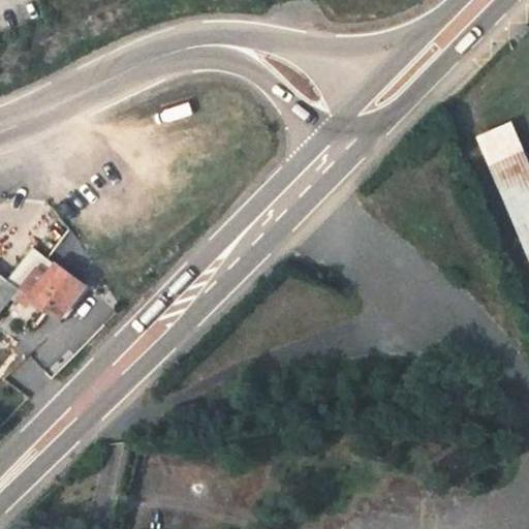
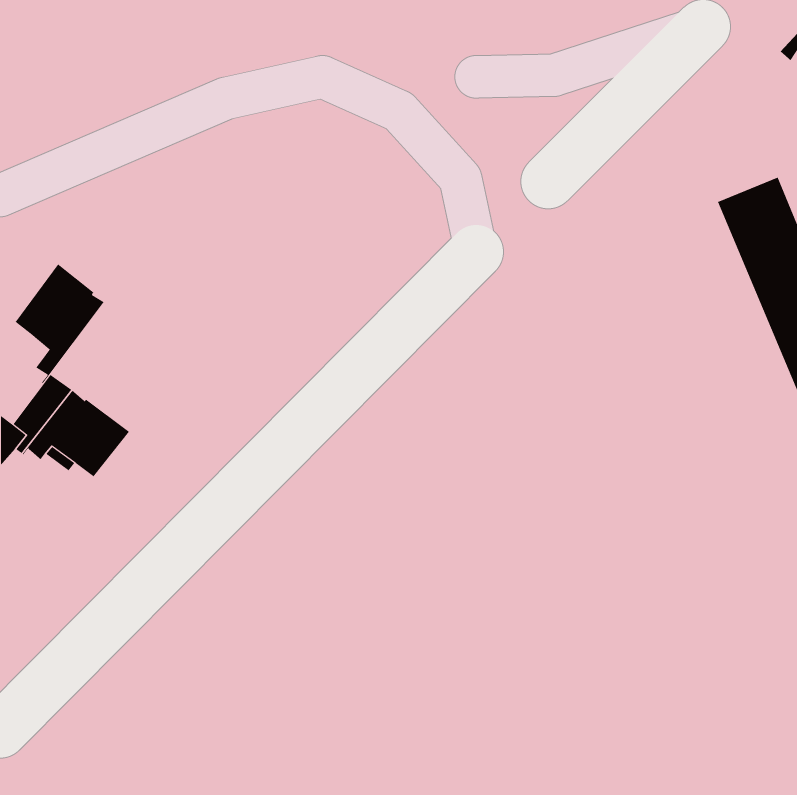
building: none -> [15,264,104,384]

